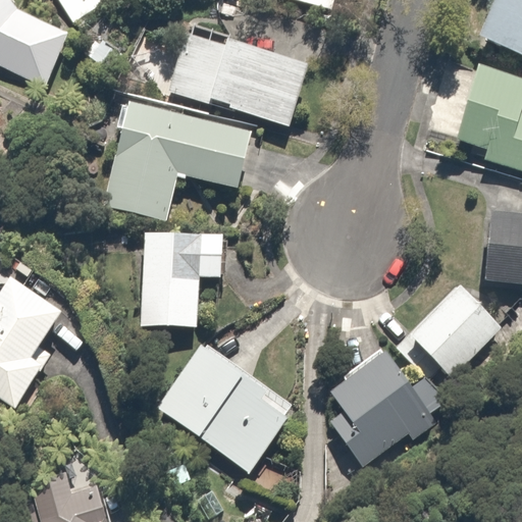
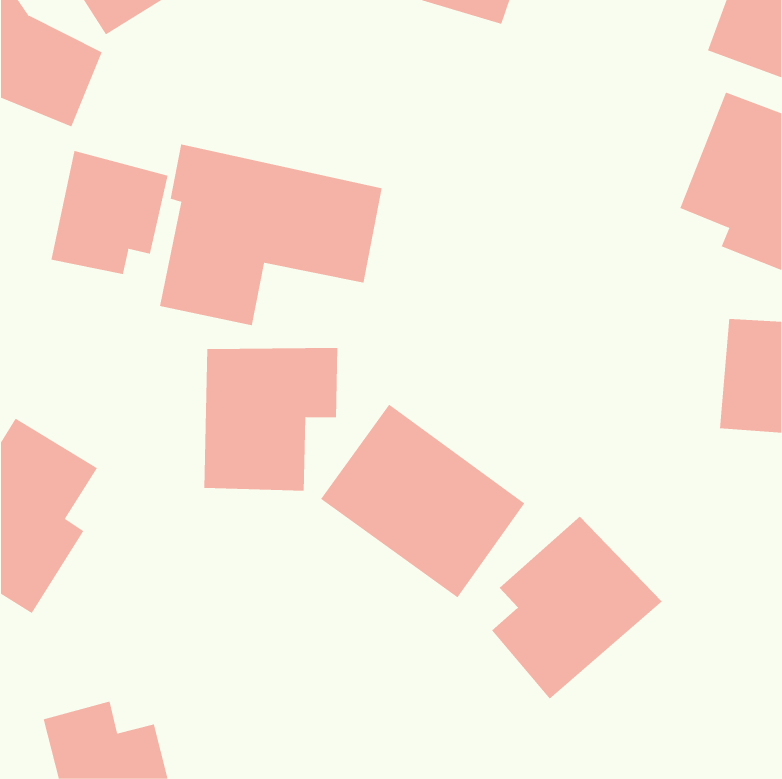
building: [162,25,317,128] -> none
building: none -> [51,150,168,275]
building: [410,285,504,379] -> none
building: [158,340,295,469] -> [320,404,525,598]

